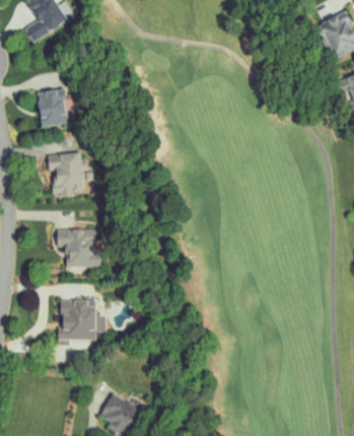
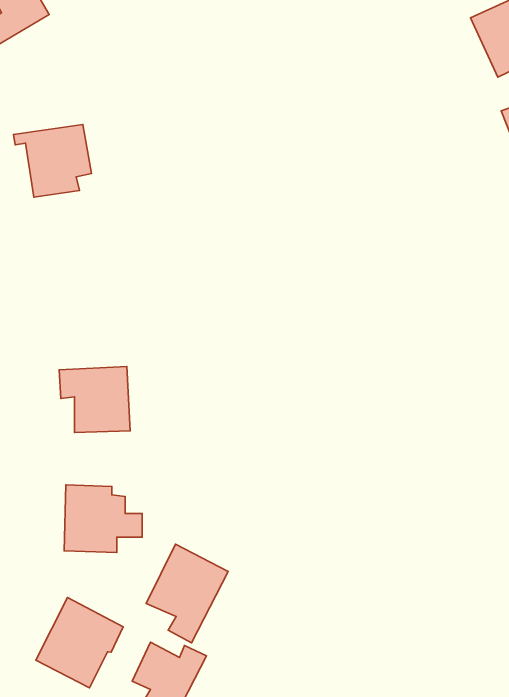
building: [51,151,97,196] -> none
building: none -> [146,544,228,643]
building: none -> [36,597,123,688]

